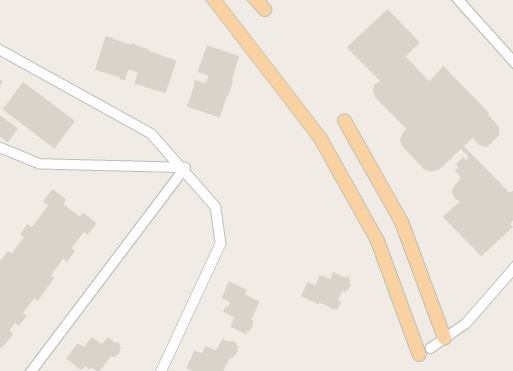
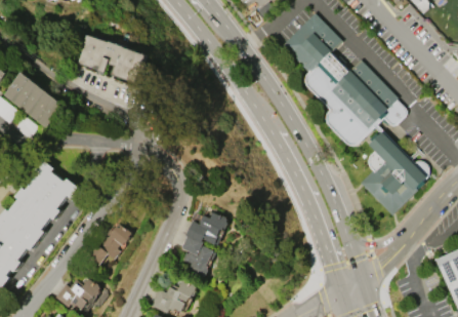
building: [186,44,240,119] -> none
building: none -> [88,223,133,265]
building: [300,271,353,311] -> [185,212,228,245]

